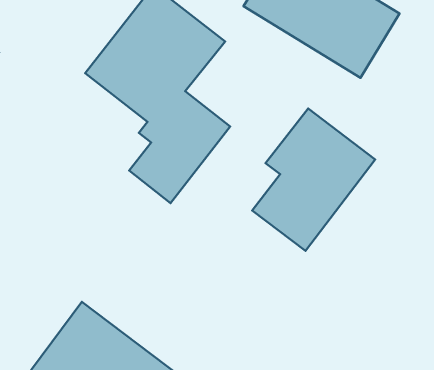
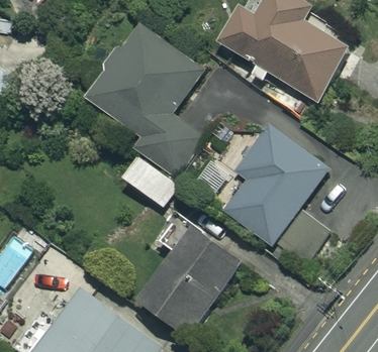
building: none -> [138,213,242,334]

